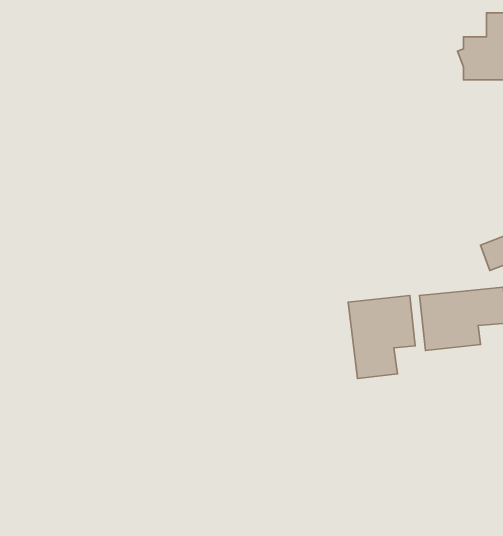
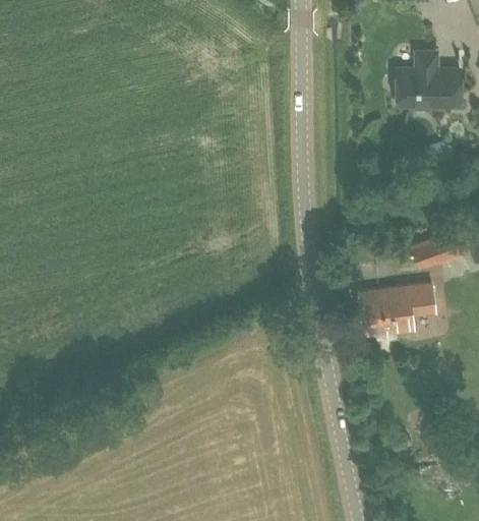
building: [348,296,415,379] -> none

